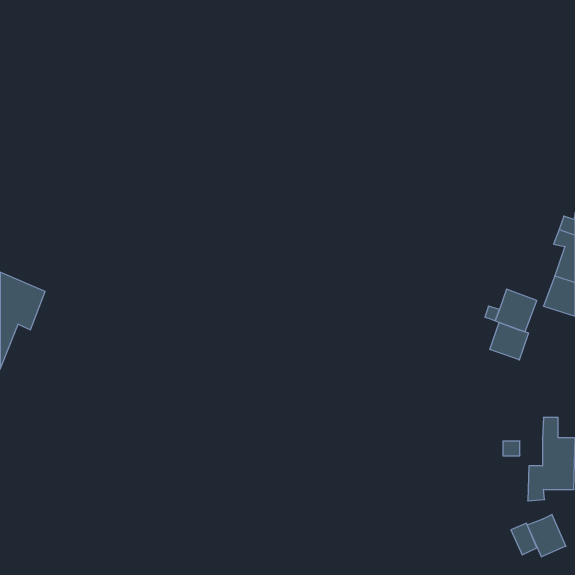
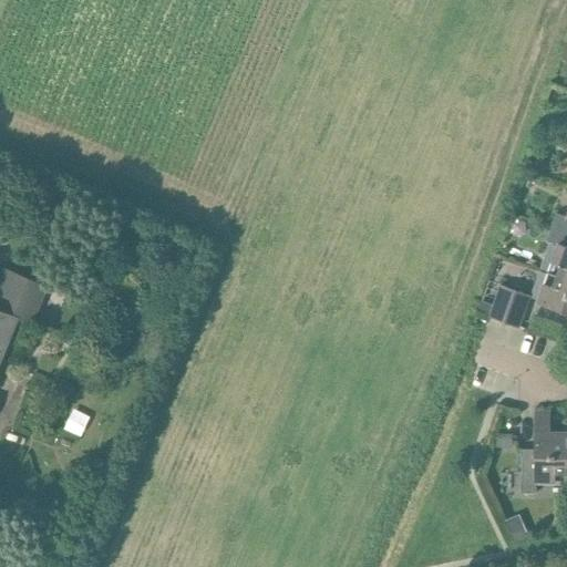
building: [490,322,529,360] -> none
building: [527,514,566,557] -> none

